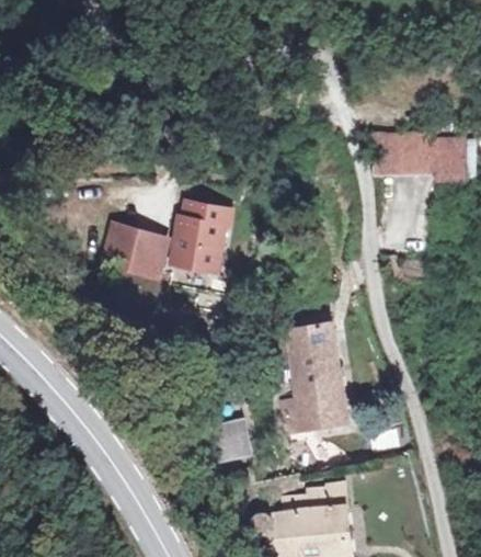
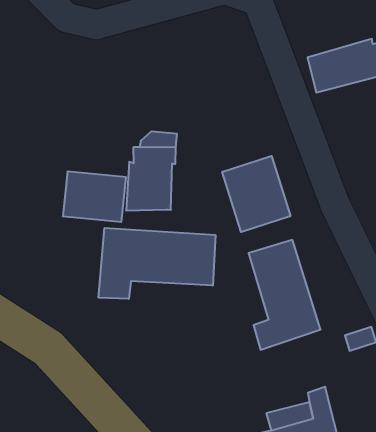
building: none -> [222,156,290,232]
building: none -> [99,228,215,299]
building: [203,427,240,462] -> none

